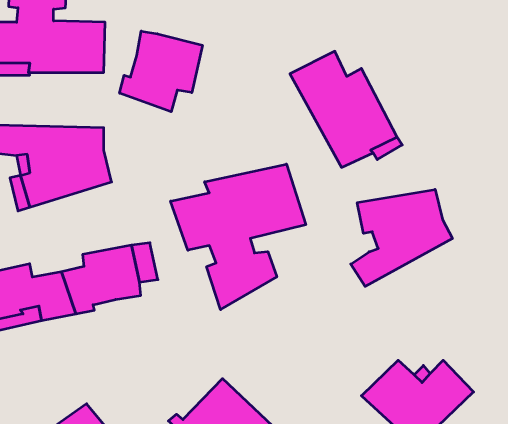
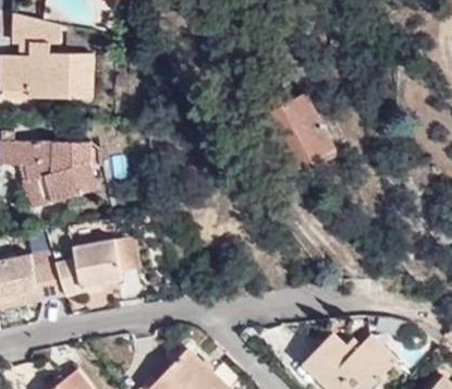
building: [120,31,202,112] -> none
building: [171,164,306,310] -> none
building: [351,189,452,286] -> none

